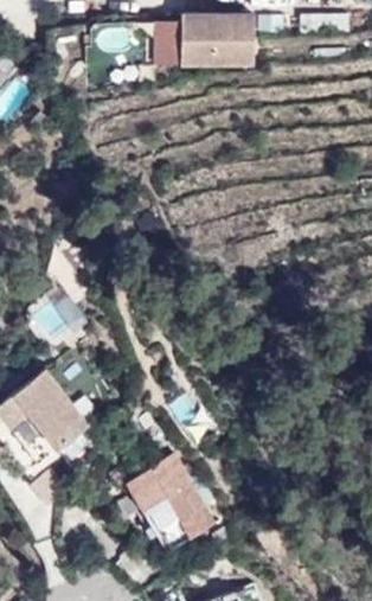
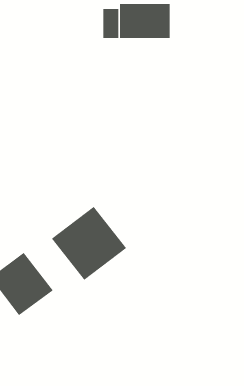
building: none -> [51,206,127,281]
building: [124,453,213,551] -> none

